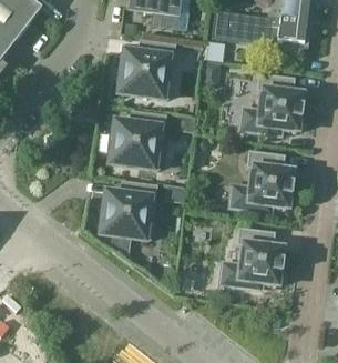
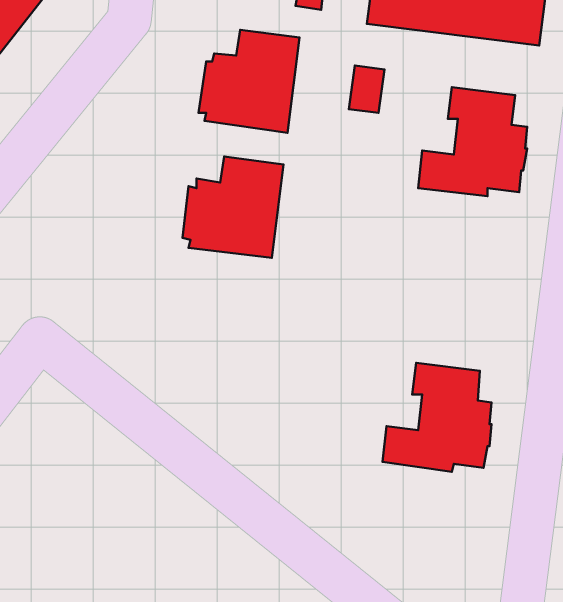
building: [231,149,291,209] -> none
building: [100,180,156,238] -> none

